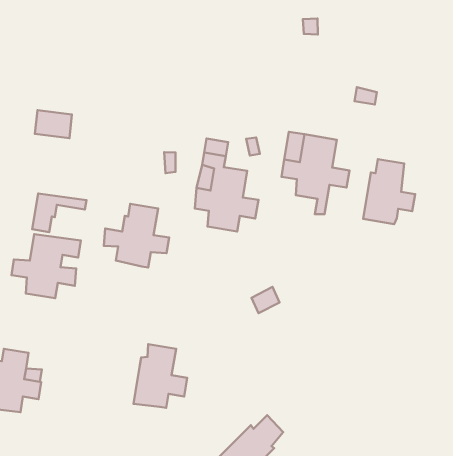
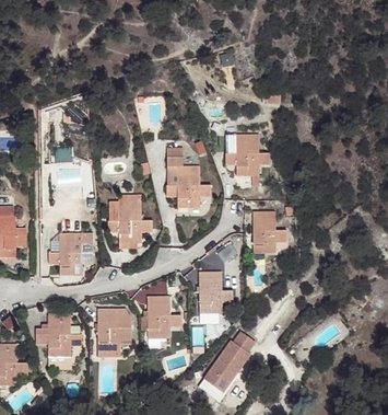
building: [363,159,415,224] -> [254,210,286,253]
building: [32,194,86,232] -> [108,195,142,221]
building: none -> [199,272,234,312]
building: none -> [97,309,131,351]

